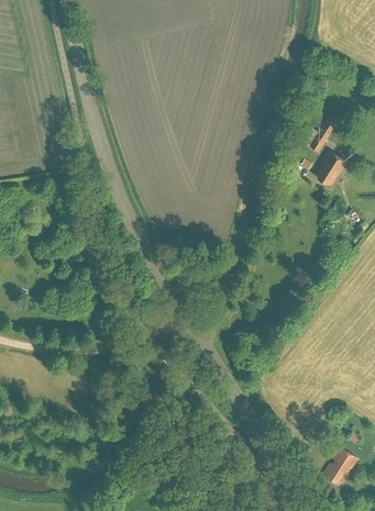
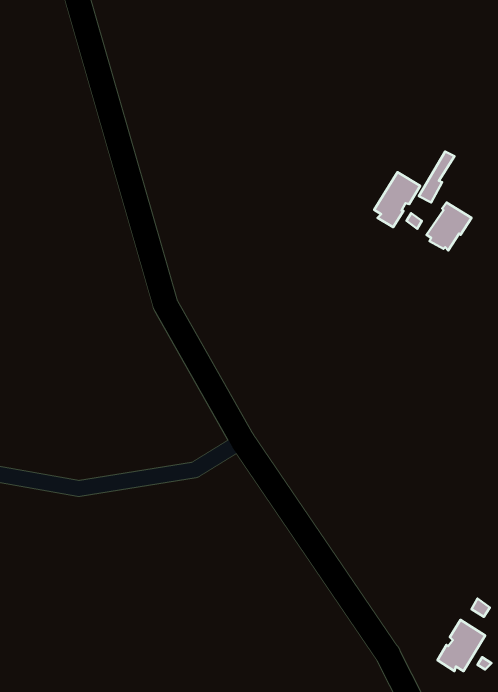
building: none -> [374,172,420,227]

